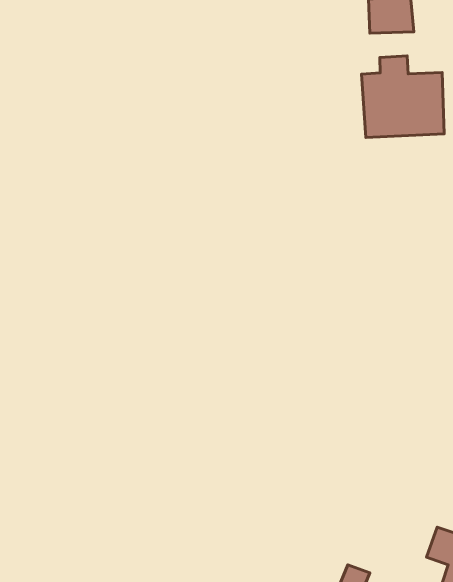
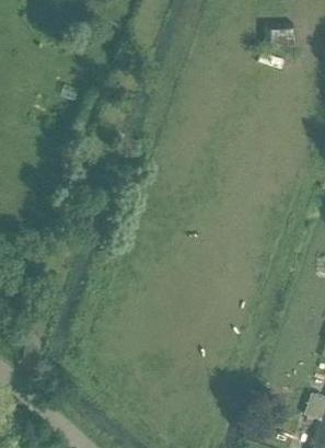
building: [362,56,444,137] -> none

